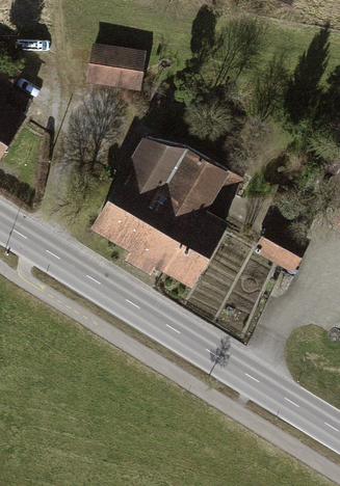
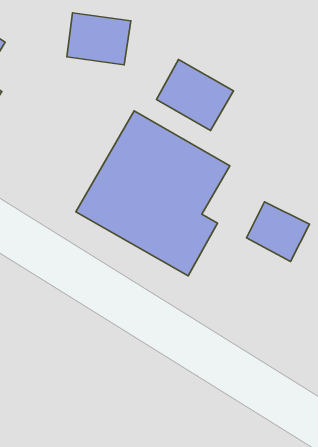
building: none -> [156,59,234,130]

